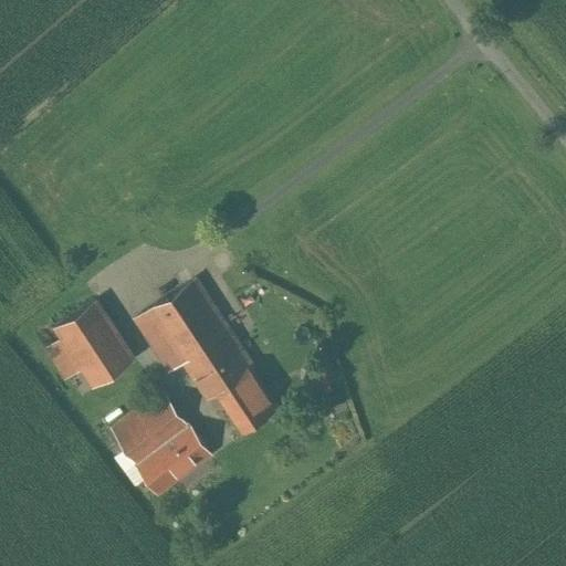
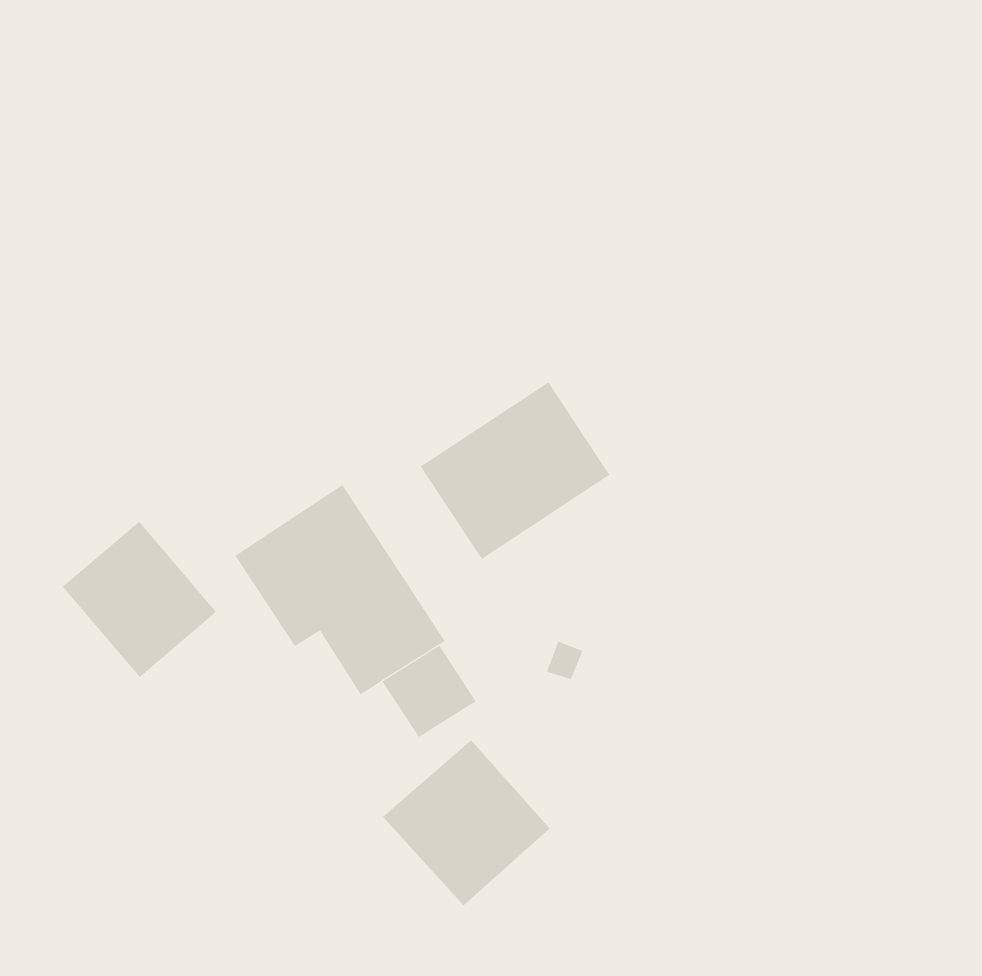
building: none -> [420,381,610,560]
building: [114,400,210,495] -> [382,739,551,906]

